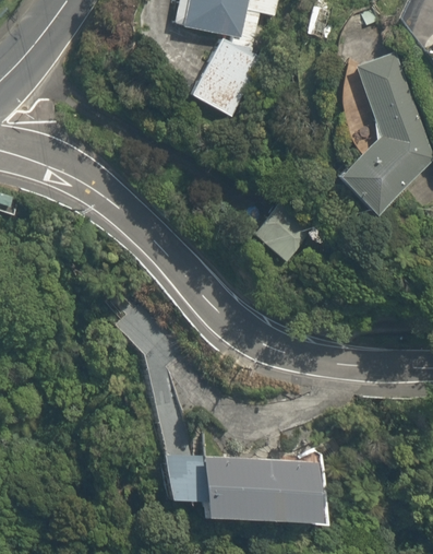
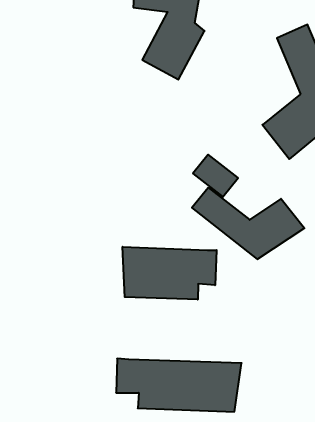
building: none -> [192,188,304,259]
building: none -> [123,247,217,300]

